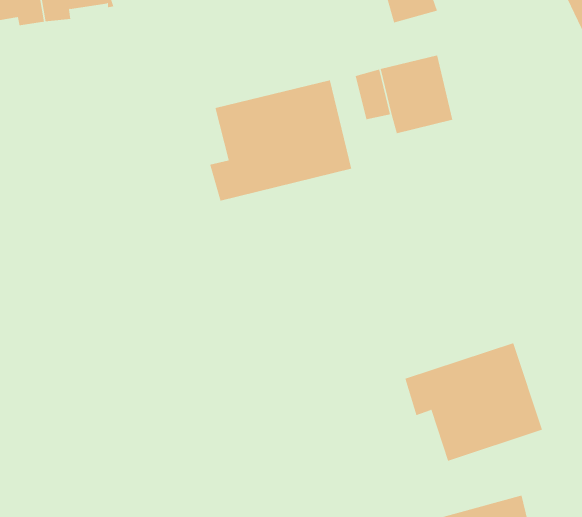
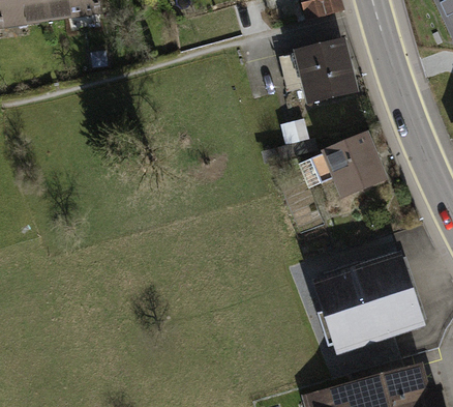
building: [209,80,352,202] -> none
building: none -> [301,137,385,196]

